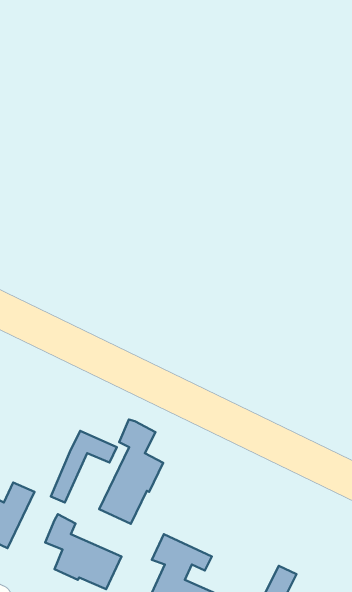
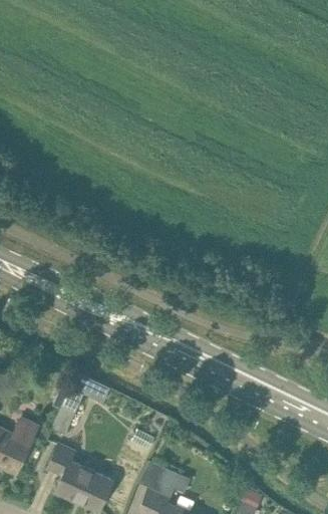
building: [99,419,163,524] -> none

